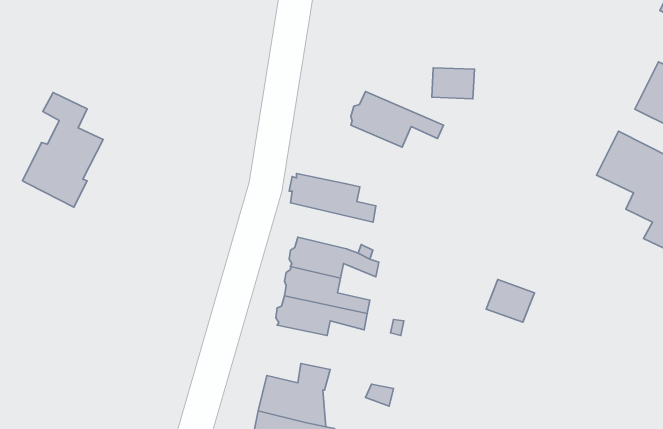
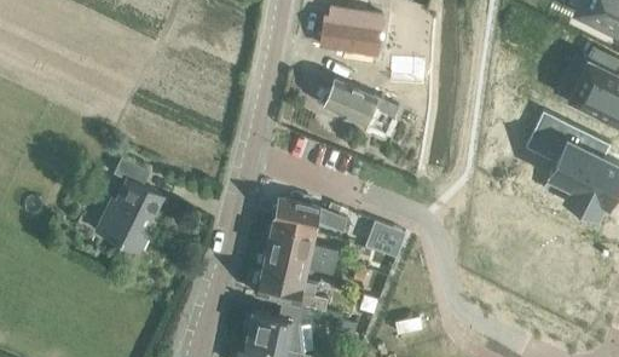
building: none -> [320,8,383,54]
building: [22,93,103,207] -> [97,159,163,253]
building: [289,174,376,222] -> [256,271,328,311]
building: [486,280,535,322] -> [366,223,406,258]

